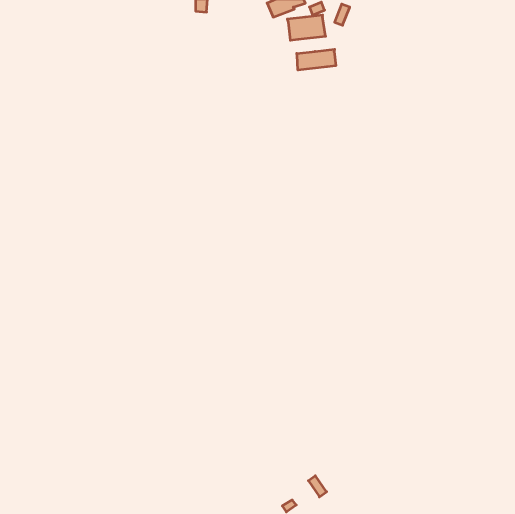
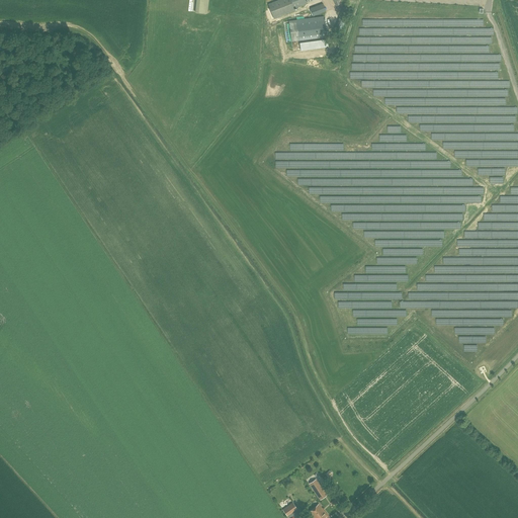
building: [297,49,336,70] -> none

